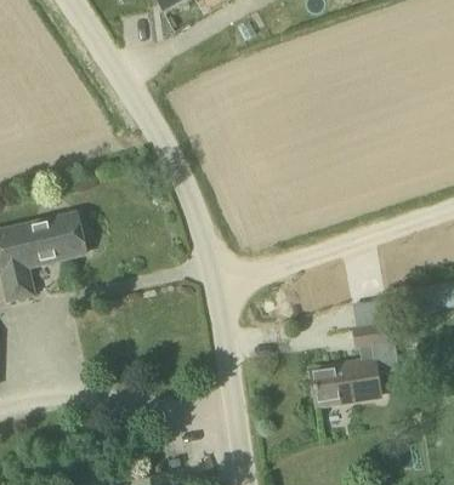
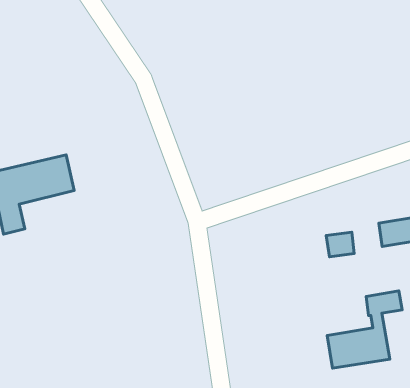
building: [313,321,395,405] -> [327,291,402,368]

